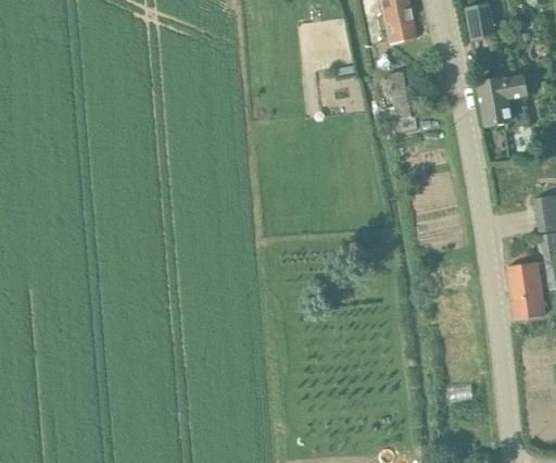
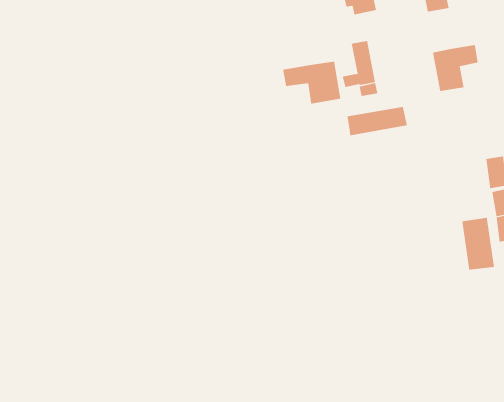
building: none -> [283,61,341,105]
building: none -> [347,106,408,136]

